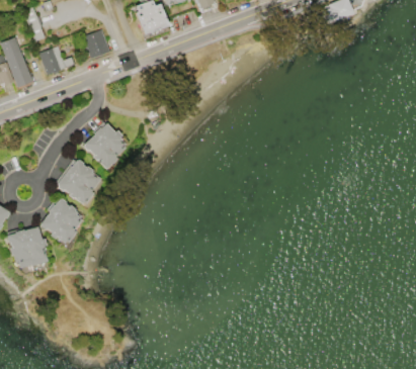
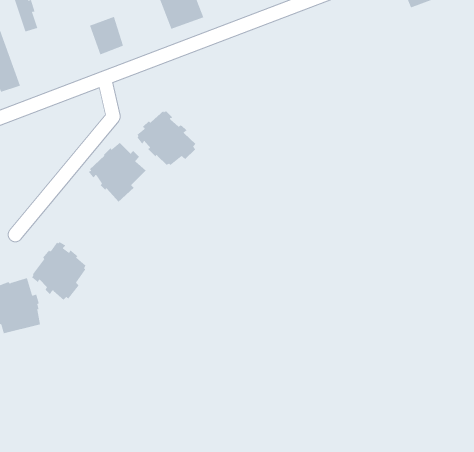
building: [40,47,76,76] -> none
building: none -> [136,110,196,166]
building: [58,160,101,205] -> none

